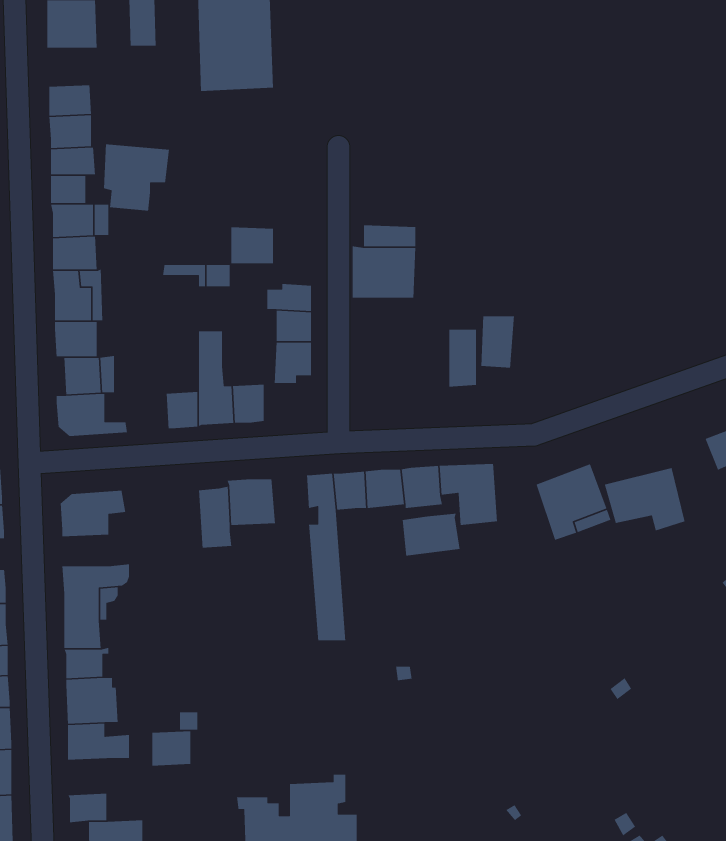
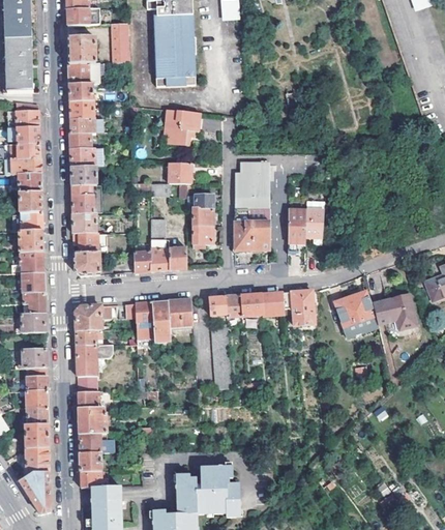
building: none -> [68,64,99,85]
building: [103,143,170,212] -> [166,110,202,147]
building: none -> [234,201,269,252]
building: none -> [125,302,154,345]
building: [402,513,460,556] -> none
building: none -> [77,330,103,347]
building: [151,730,191,766] -> [80,452,101,472]

